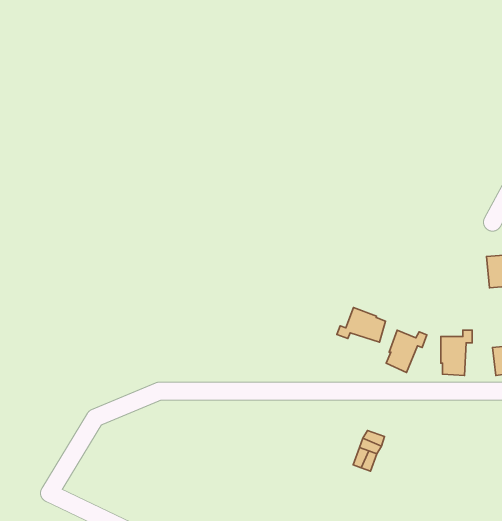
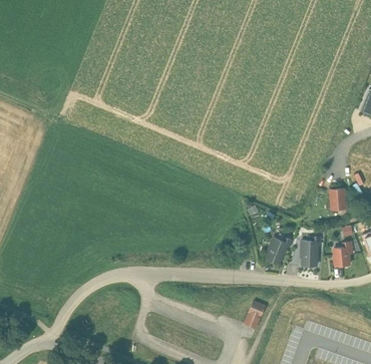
building: [337,307,386,342] -> none

